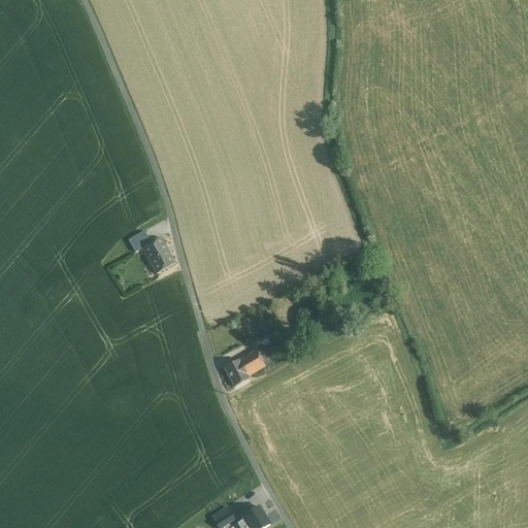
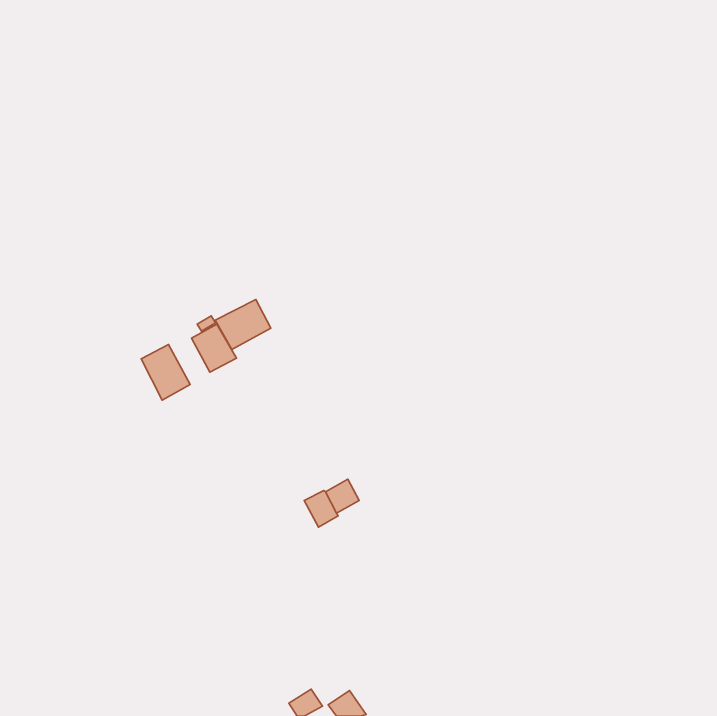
building: none -> [215,300,271,349]
building: none -> [141,345,190,400]

